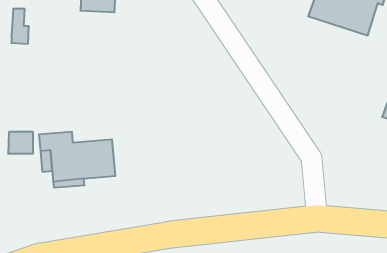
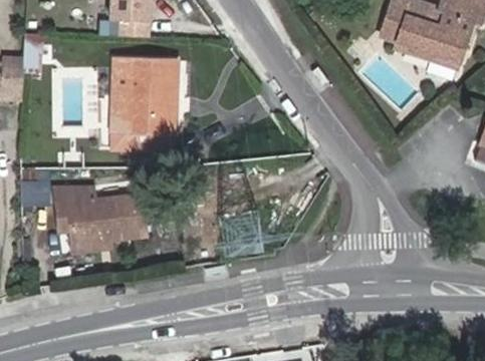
building: none -> [113,58,179,150]

